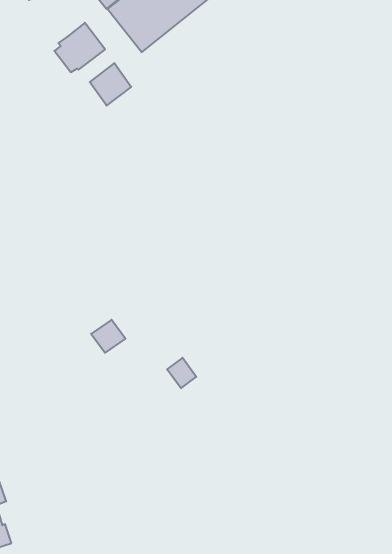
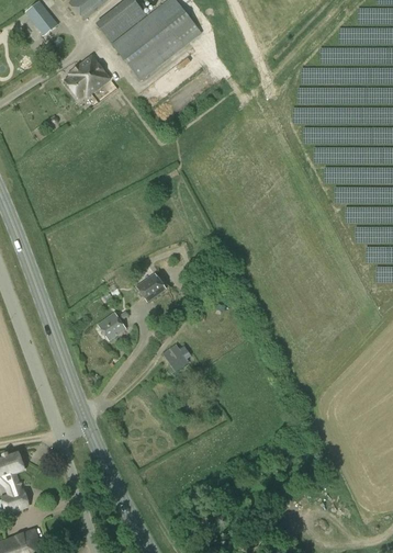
building: [90,63,131,106] -> none
building: none -> [136,272,167,302]

